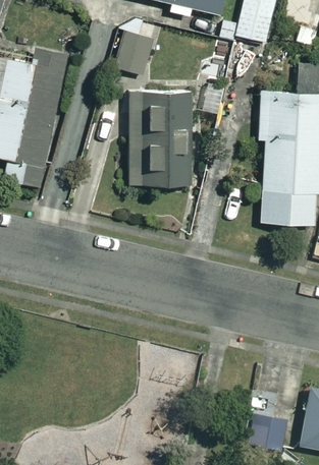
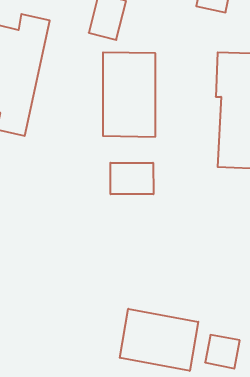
building: none -> [110,163,153,194]
building: none -> [120,309,198,371]

